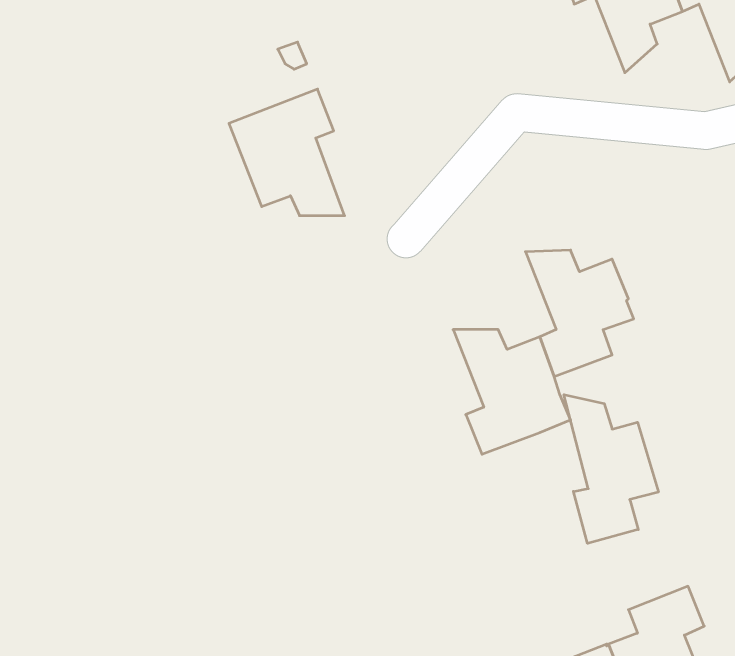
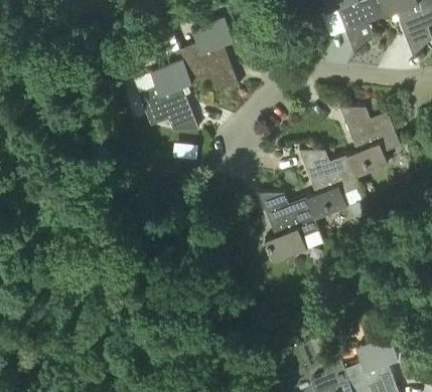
building: none -> [179,17,239,86]
building: none -> [340,107,401,176]
building: [564,395,658,543] -> none

